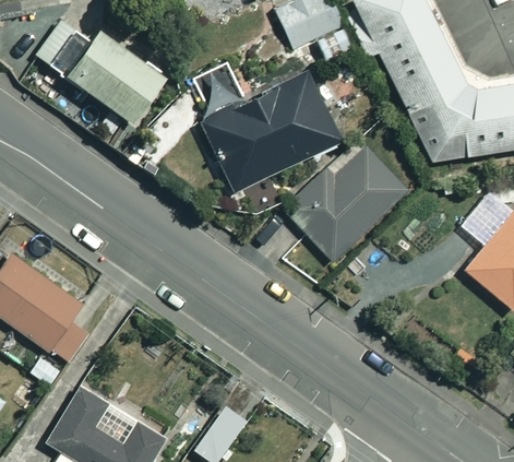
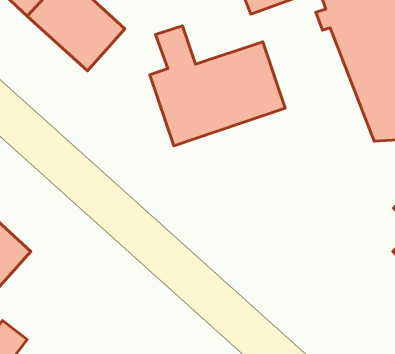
building: [284,146,408,260] -> none

